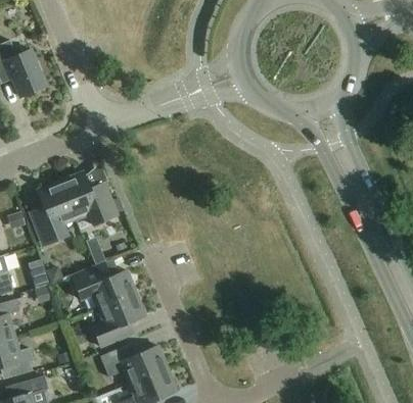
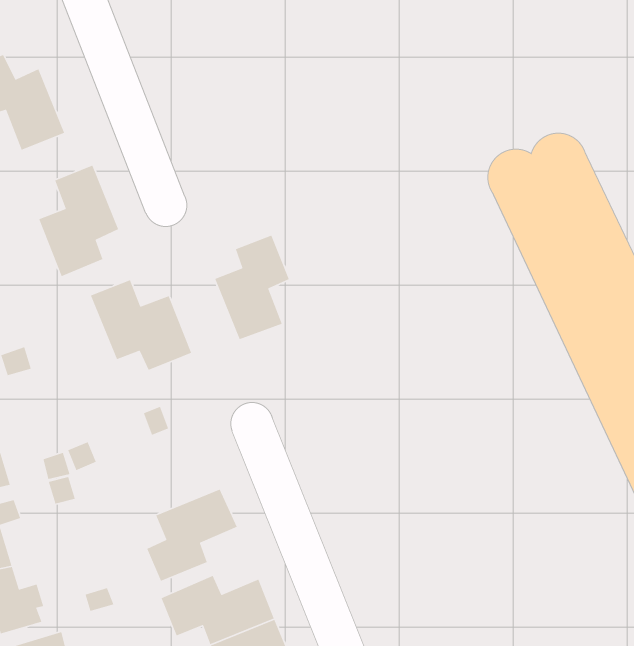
building: none -> [214,235,290,340]
building: [28,181,75,246] -> [38,164,119,277]
building: [73,265,135,308] -> none

